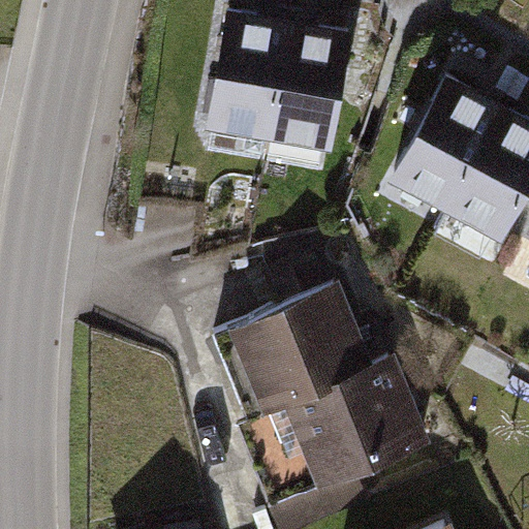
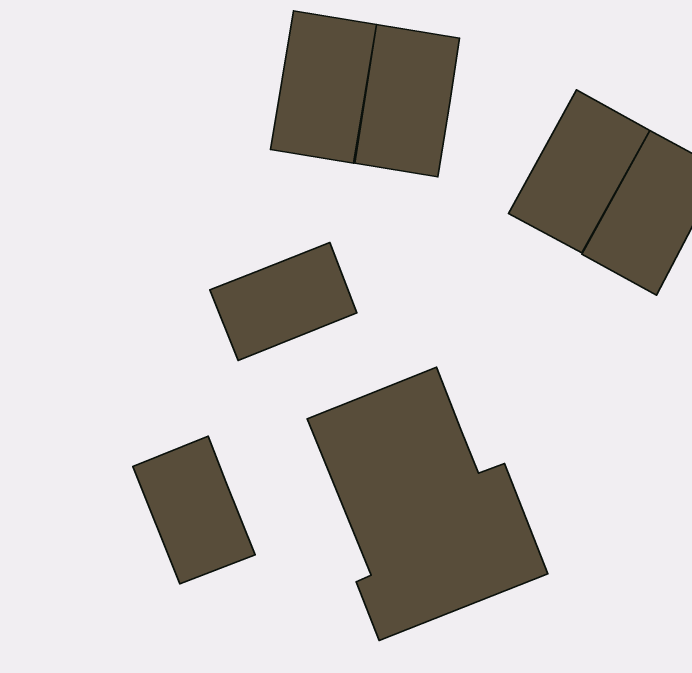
building: none -> [210,242,357,360]
building: none -> [133,436,255,584]

